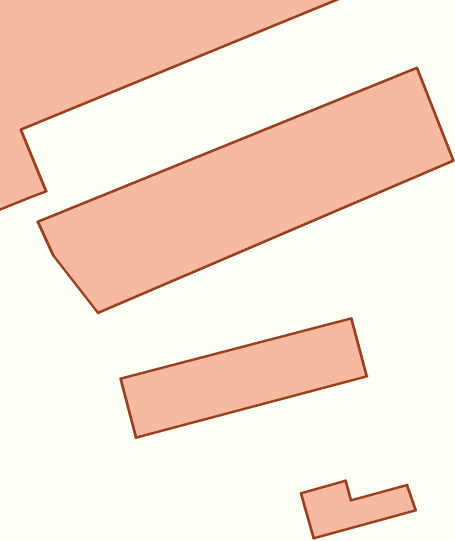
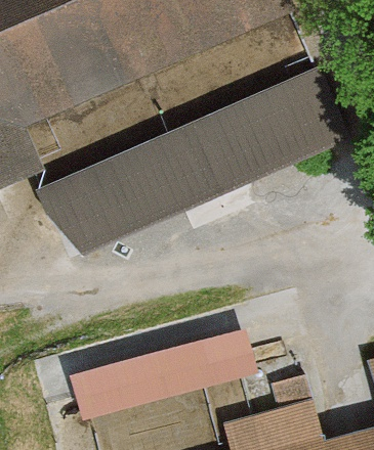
building: [121,319,367,438] -> [78,325,258,412]

